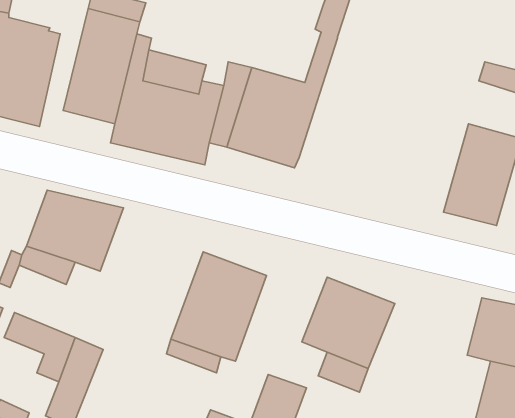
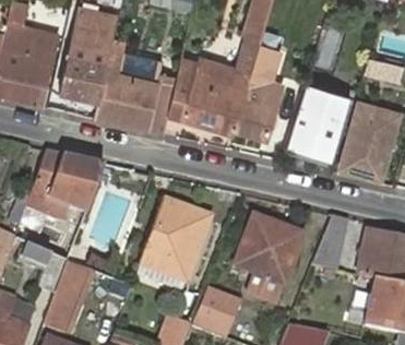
building: none -> [233,39,286,139]
building: none -> [285,82,352,159]
building: none -> [313,217,349,270]

